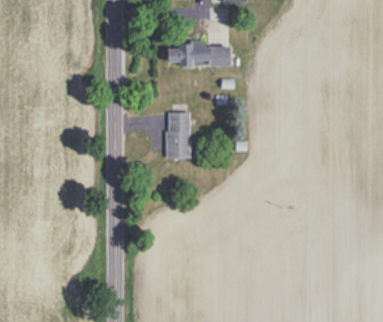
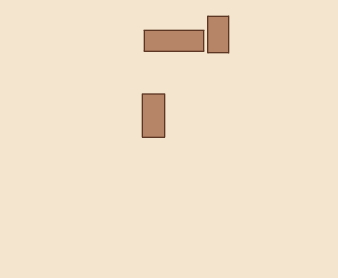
building: none -> [208,16,229,53]

